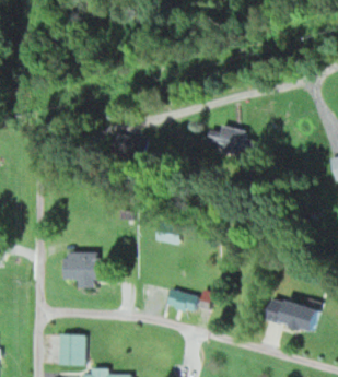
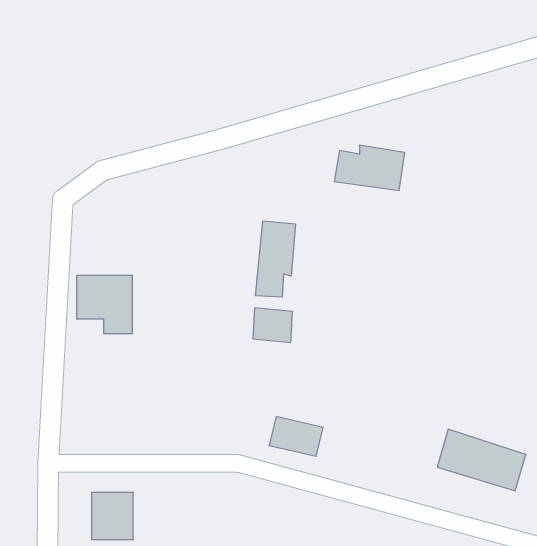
building: none -> [256,221,295,297]
building: [65,254,98,288] -> [77,276,133,333]

